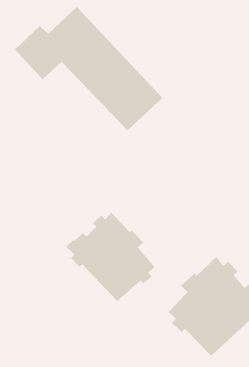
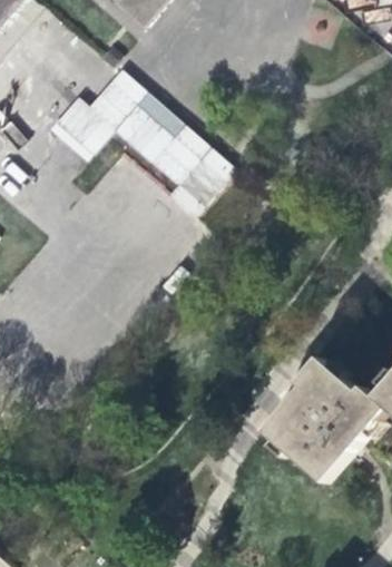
building: [66,212,155,302] -> none

